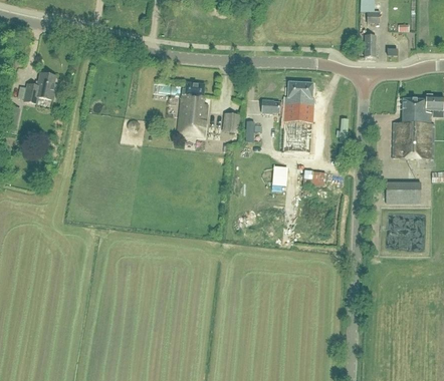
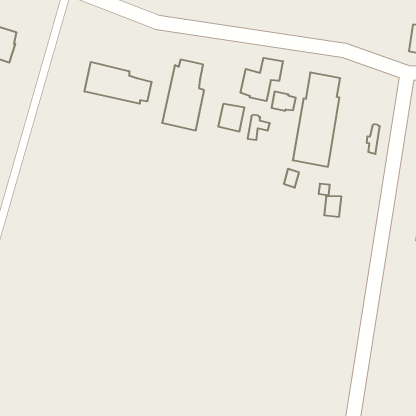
building: none -> [240,58,283,101]
building: none -> [84,62,152,104]

